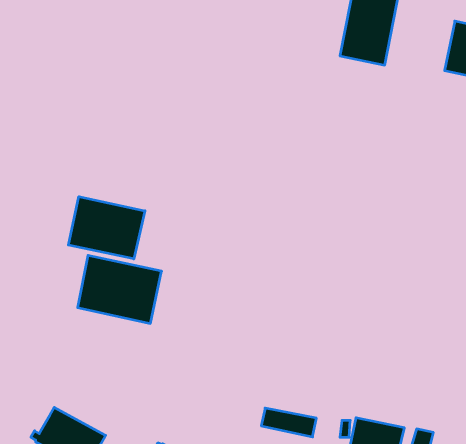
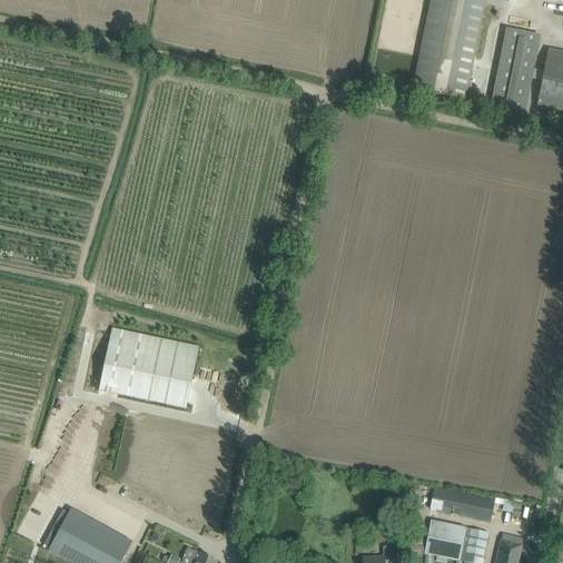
building: none -> [491,27,540,110]
building: [68,197,145,259] -> none
building: [261,408,316,437] -> [429,486,495,521]

